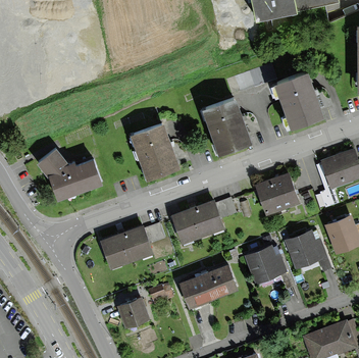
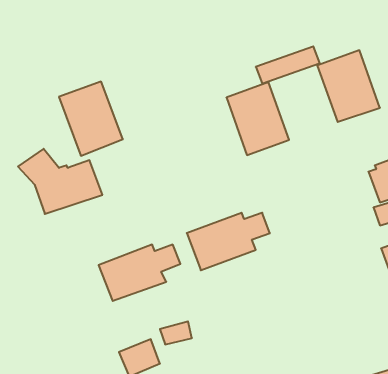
building: [131,120,182,180] -> [59,82,123,156]
building: [256,171,301,215] -> none
building: [286,234,322,273] -> none
building: [244,246,286,287] -> none
building: [180,266,241,309] -> none

